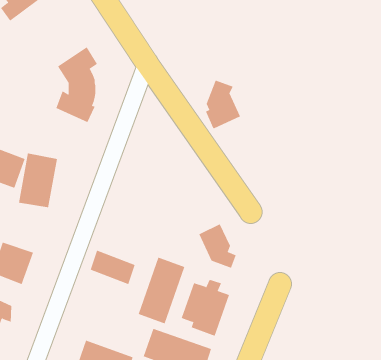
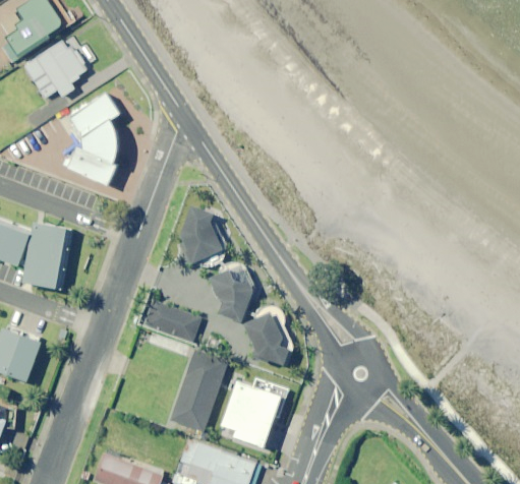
building: none -> [22,40,88,98]
building: [205,80,241,129] -> [179,203,223,263]
building: none -> [210,263,253,321]
building: [90,250,136,285] -> [145,298,200,341]

